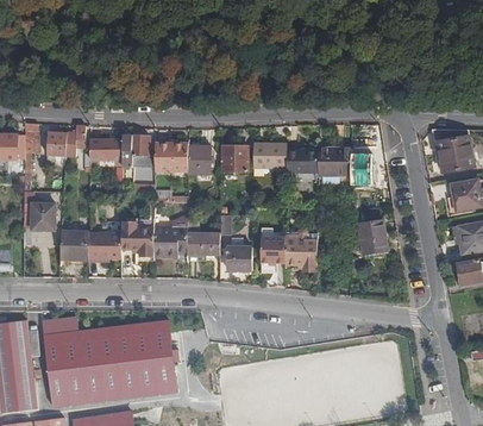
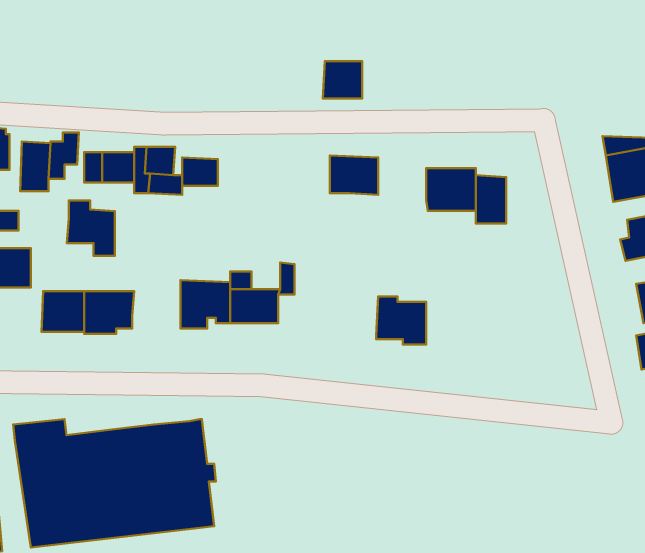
building: [186,144,208,171] -> none
building: [221,144,247,169] -> [323,61,362,99]
building: [284,149,316,171] -> none
building: [120,220,152,257] -> [67,201,115,256]
building: [358,221,385,255] -> none
building: [259,234,284,271] -> none
building: [226,246,251,271] -> none

